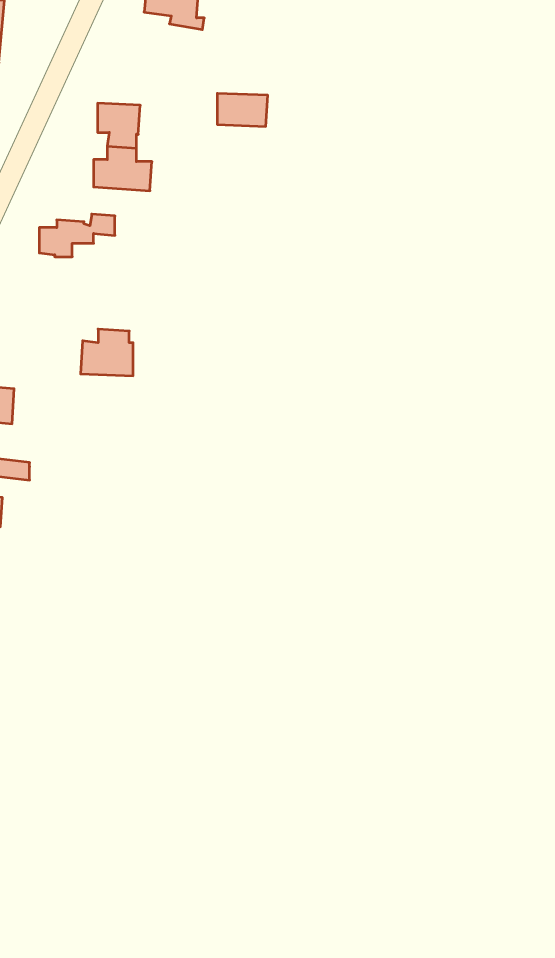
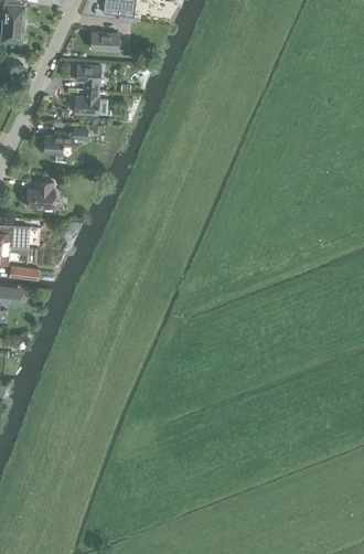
building: [217,93,268,126] -> [90,31,119,50]
building: [81,329,133,376] -> [25,180,55,206]

